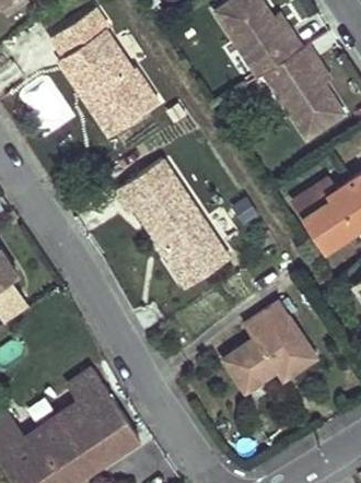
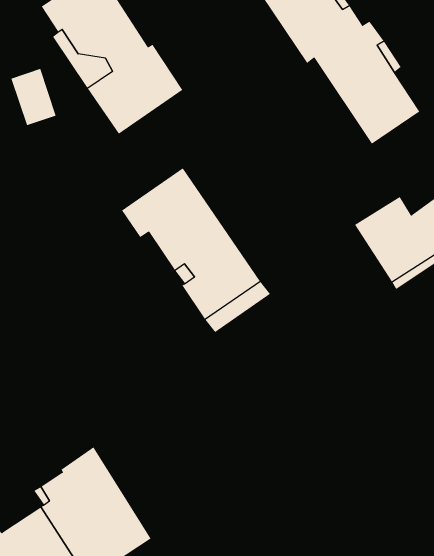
building: [222,304,315,390] -> none

